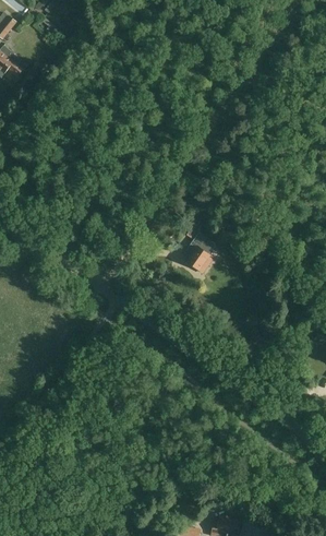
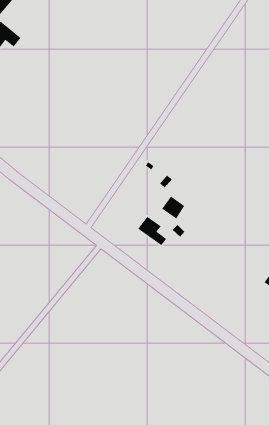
building: none -> [137,216,167,246]

